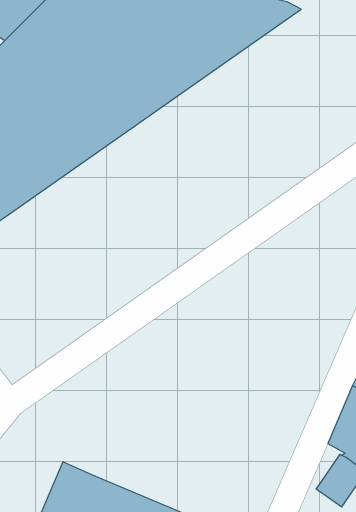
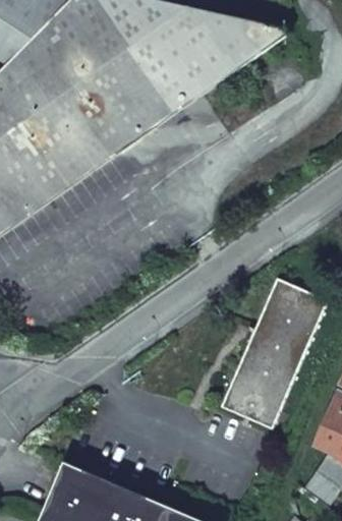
building: none -> [220,279,327,428]

